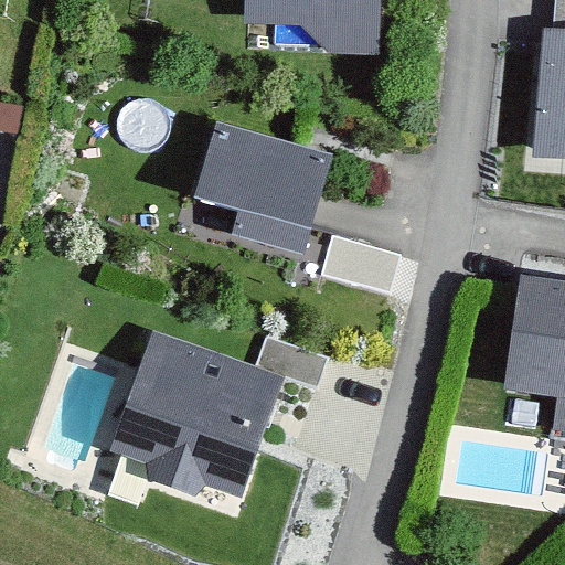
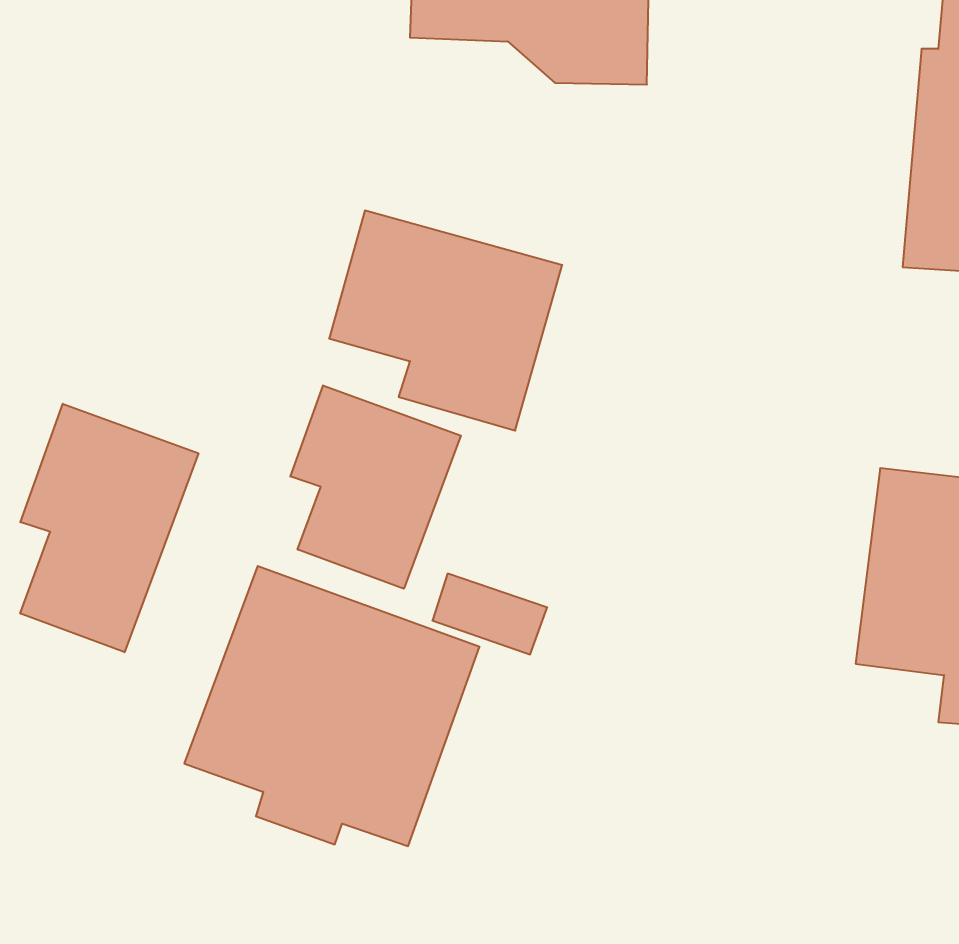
building: none -> [290,385,461,589]
building: none -> [20,404,198,652]

